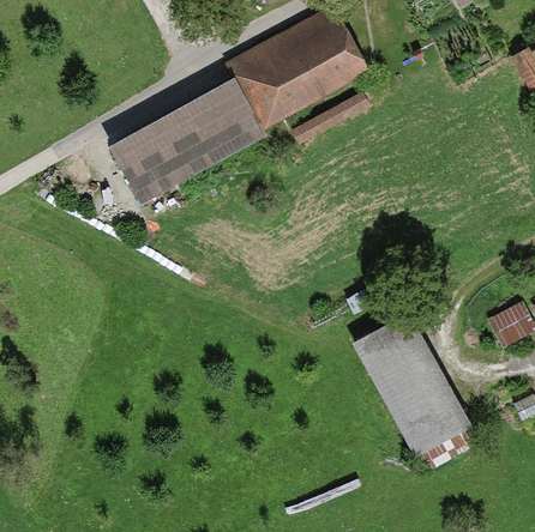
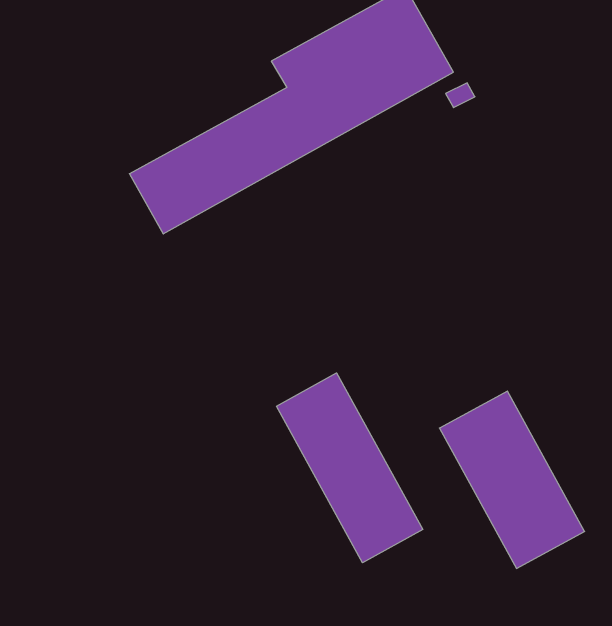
building: none -> [277,373,423,563]

